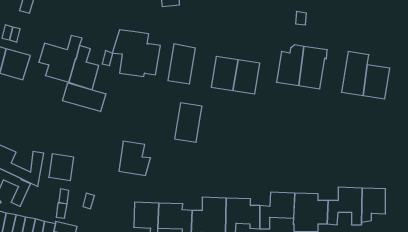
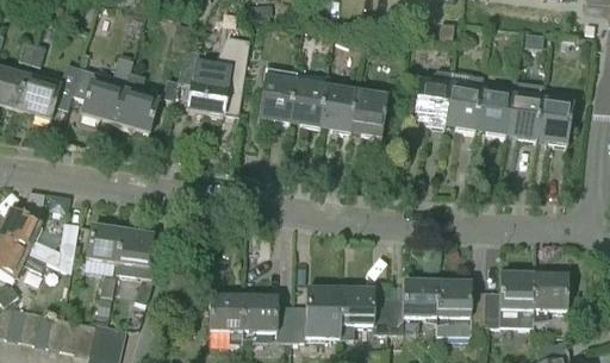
building: none -> [473,89,511,138]
building: [63,83,106,112] -> none
building: [175,103,202,142] -> [287,75,326,131]
building: [119,141,151,175] -> [116,231,161,280]

